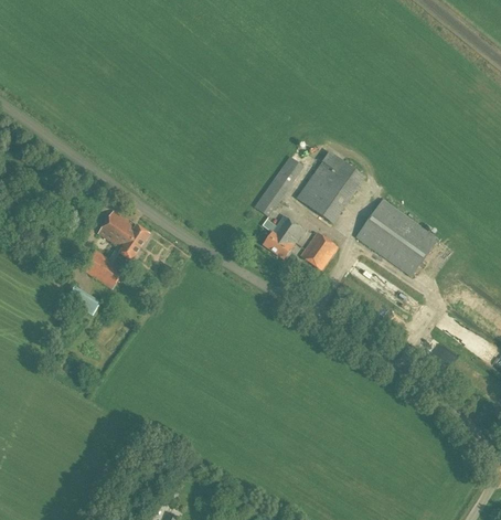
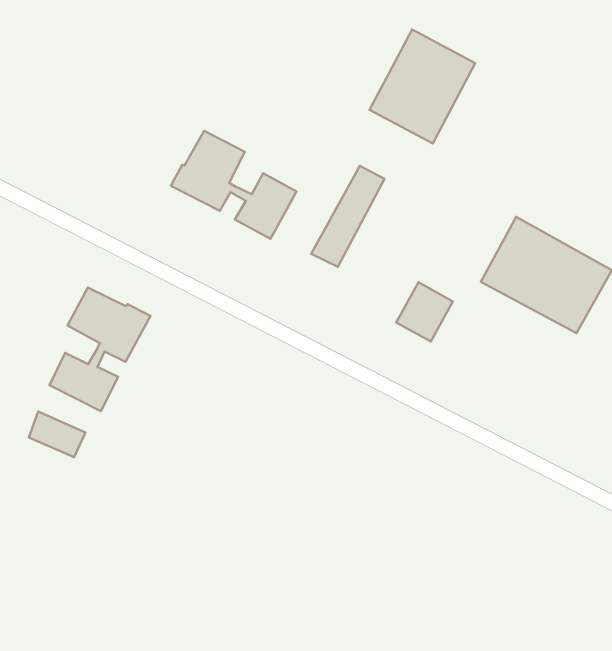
building: none -> [171,131,296,239]
building: [296,151,364,223] -> [370,29,475,143]
building: [262,215,303,258] -> none

